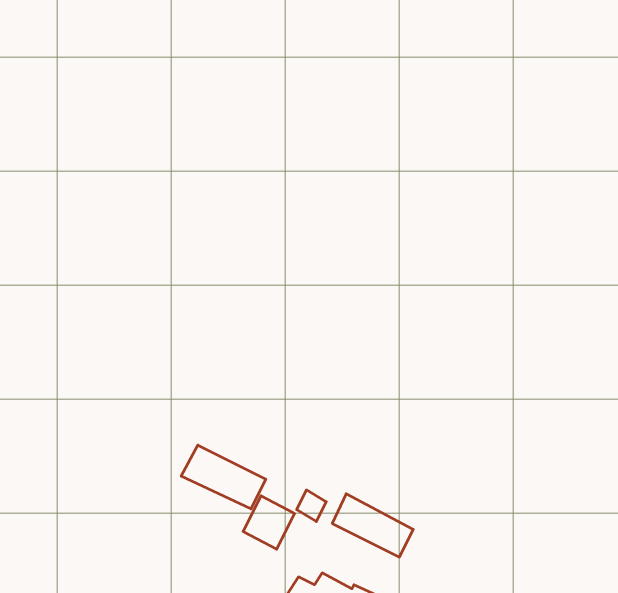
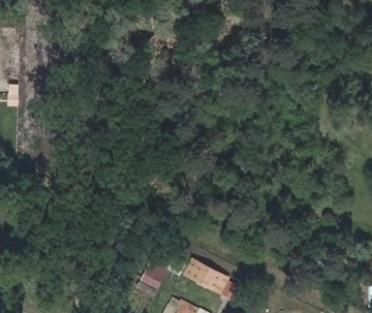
building: [181,445,266,509] -> none

